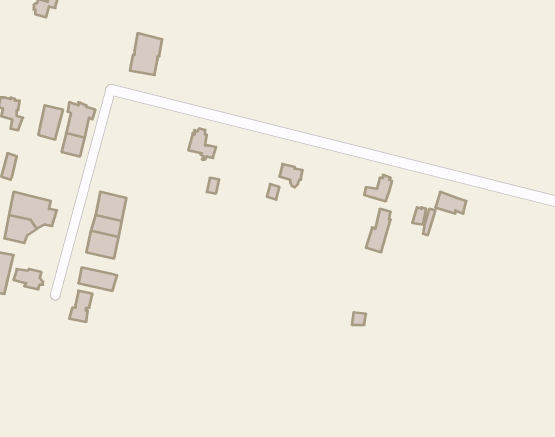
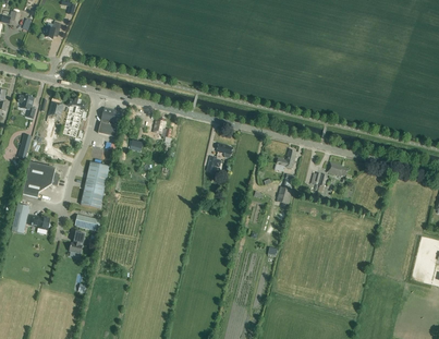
building: [130,33,162,75] -> [98,107,121,136]

